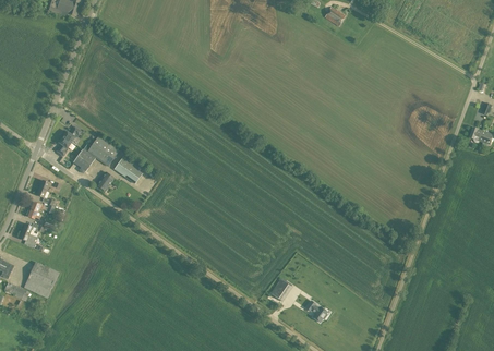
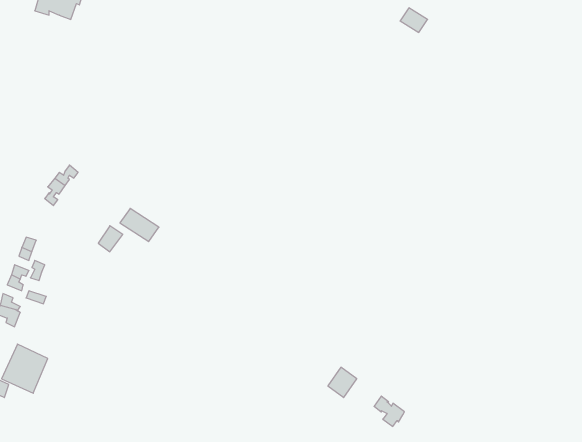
building: [73,135,118,170] -> none

